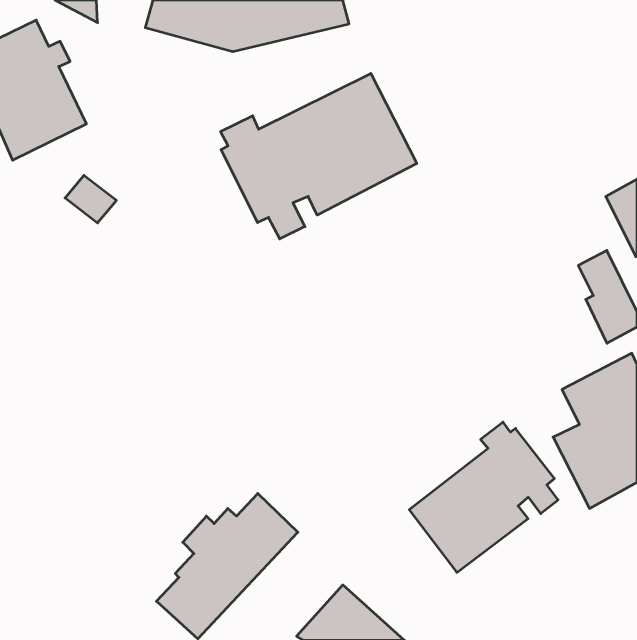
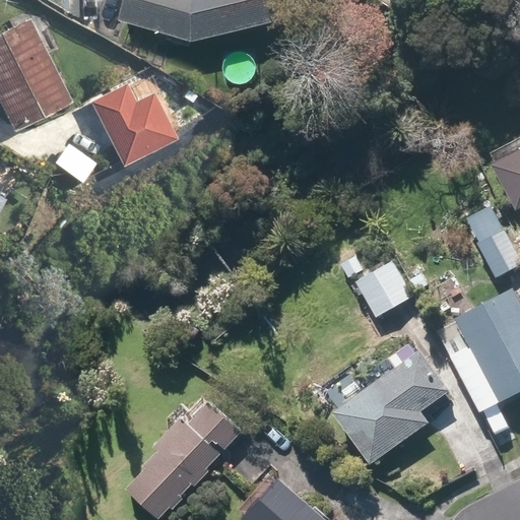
building: [221,73,417,239] -> none
building: none -> [87,80,177,165]
building: none -> [355,259,412,316]

